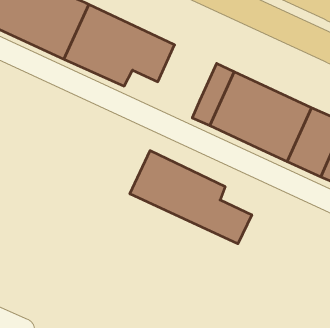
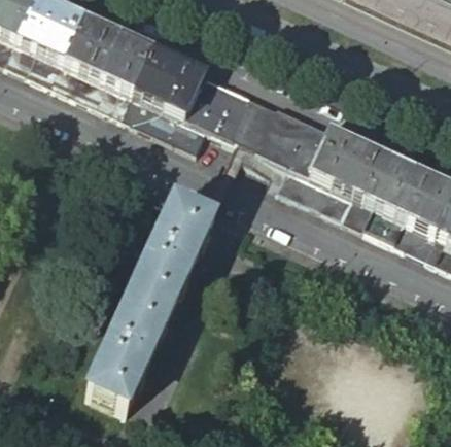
building: none -> [238,94,310,162]
building: none -> [89,197,216,405]
building: [130,151,252,244] -> none

